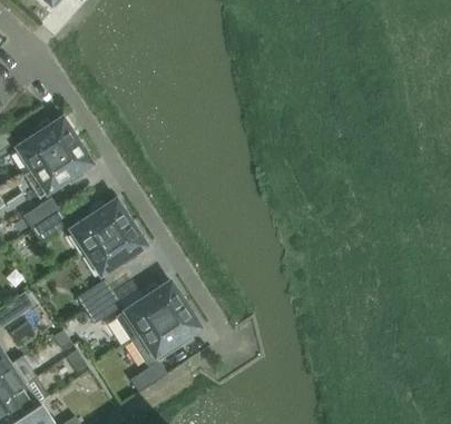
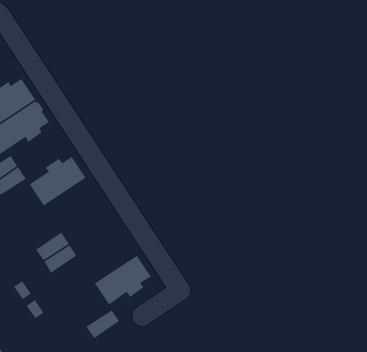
building: [86,223,147,275] -> none
building: [124,280,185,334] -> none

